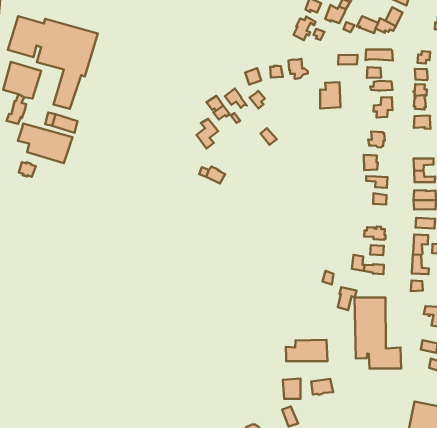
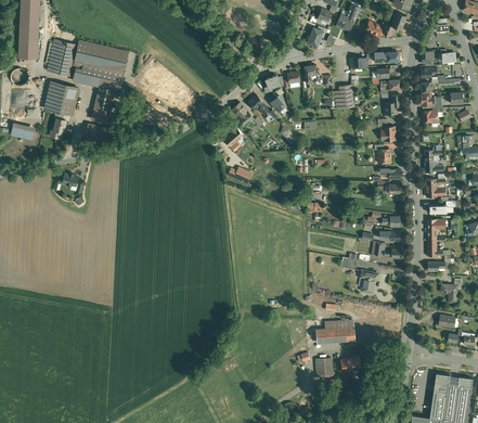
building: [18,124,73,163] -> none
building: [354,297,401,368] -> none

